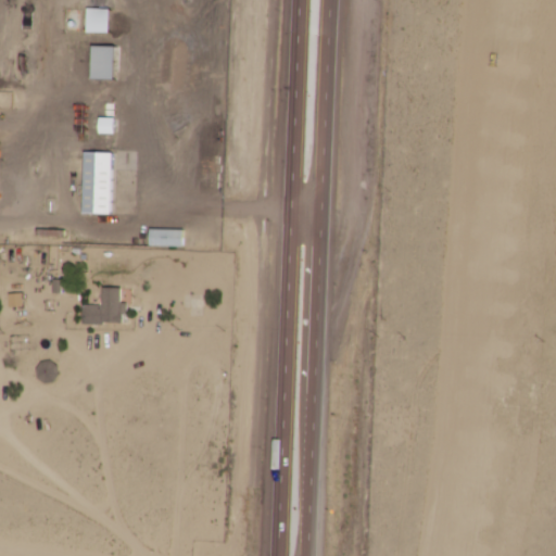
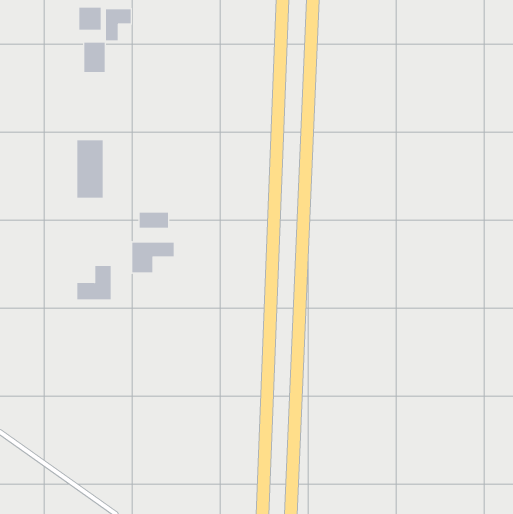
building: none -> [105,8,131,41]
building: none -> [132,242,174,273]

